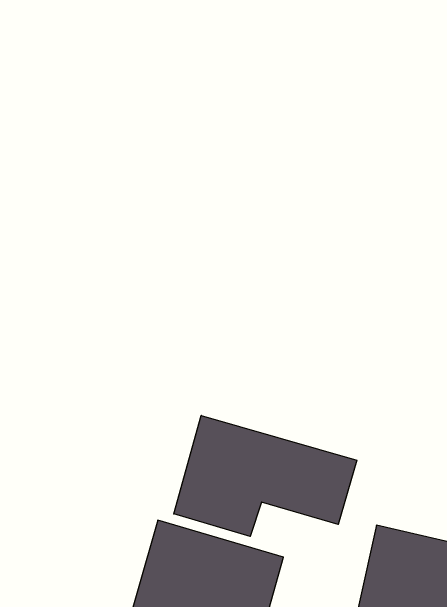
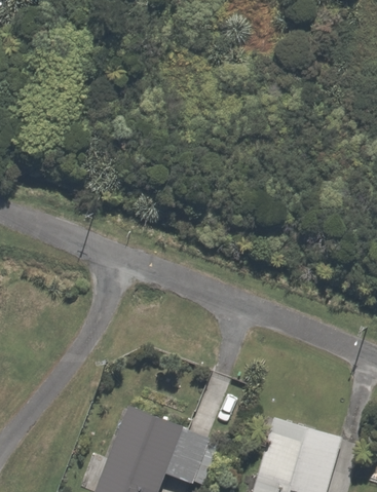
building: [174,415,357,536] -> none

